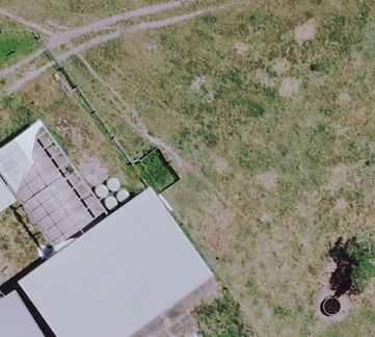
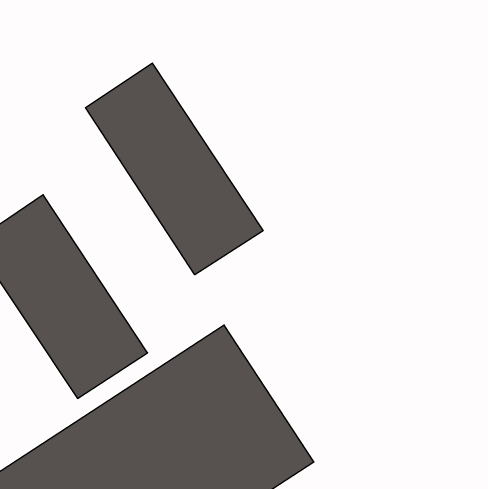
building: none -> [86,63,263,275]

